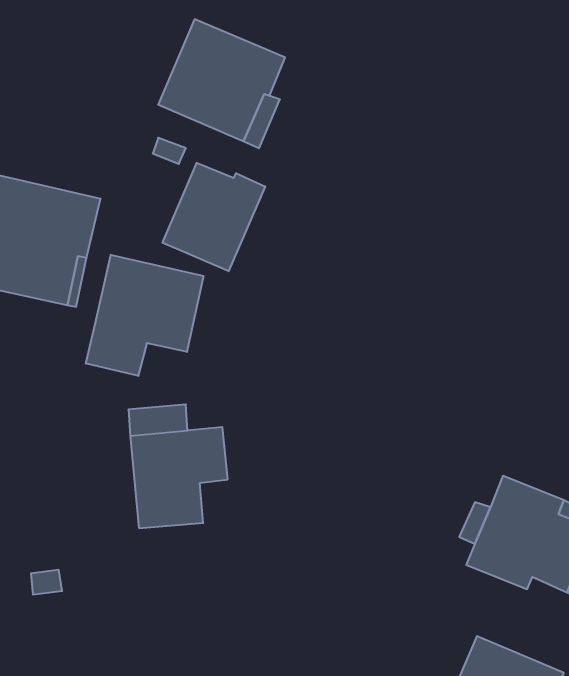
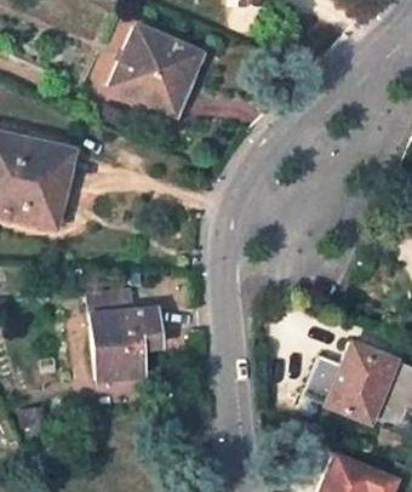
building: [163,163,265,271] -> none
building: [86,255,203,376] -> none

